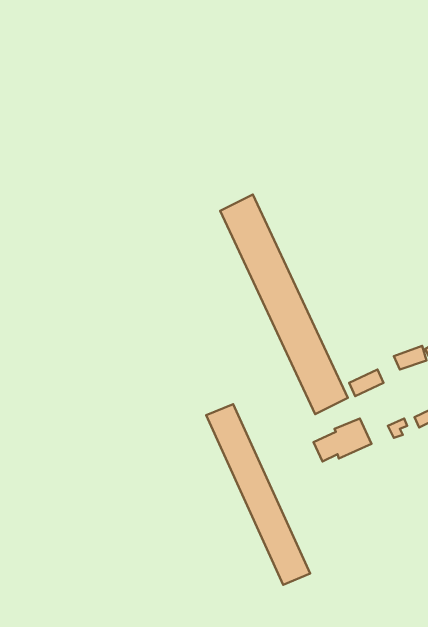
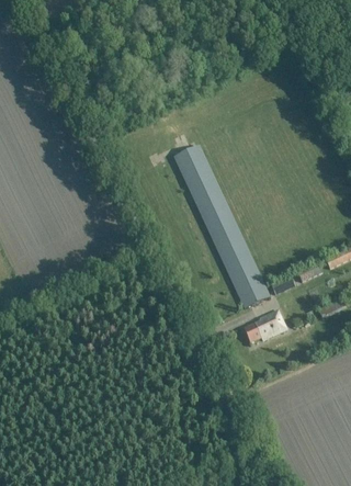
building: [206,404,310,585] -> none

